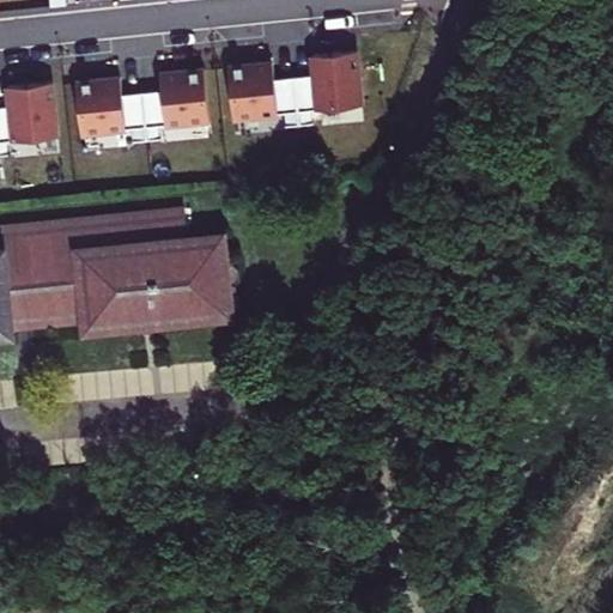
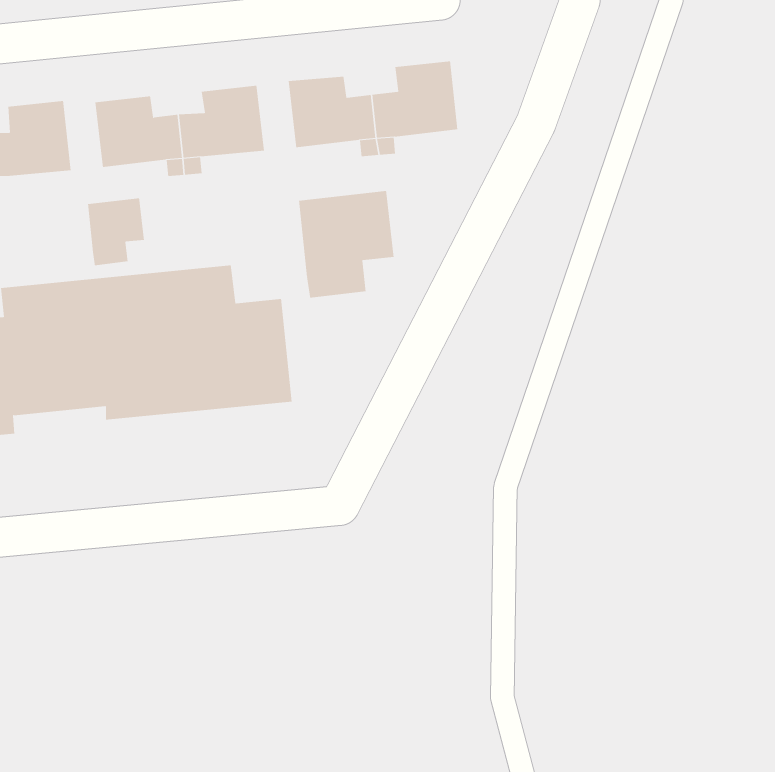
building: none -> [299,190,394,299]
building: none -> [87,198,145,266]

